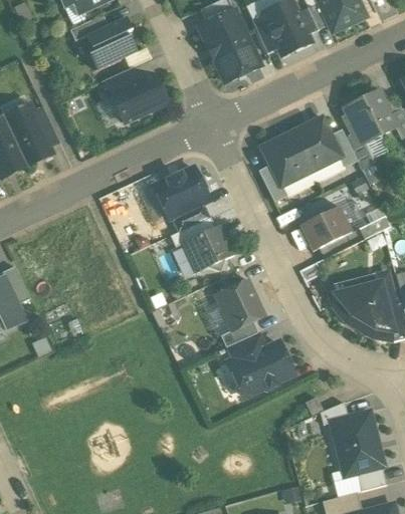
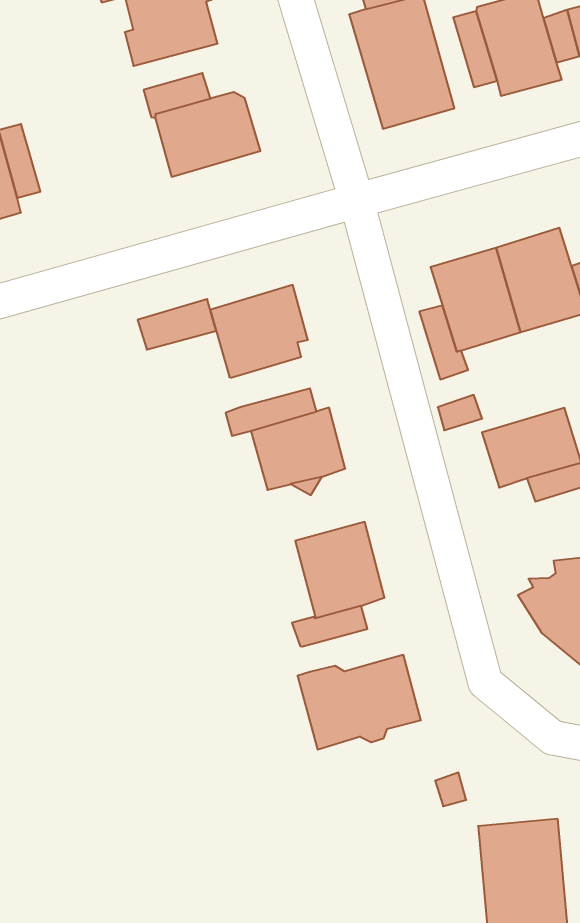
building: [170,201,210,231] -> [138,299,216,350]
building: [227,331,265,357] -> none

